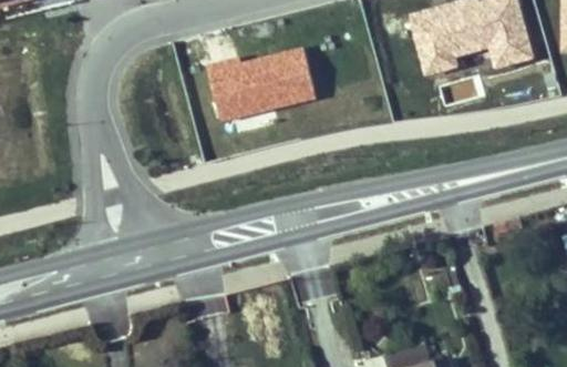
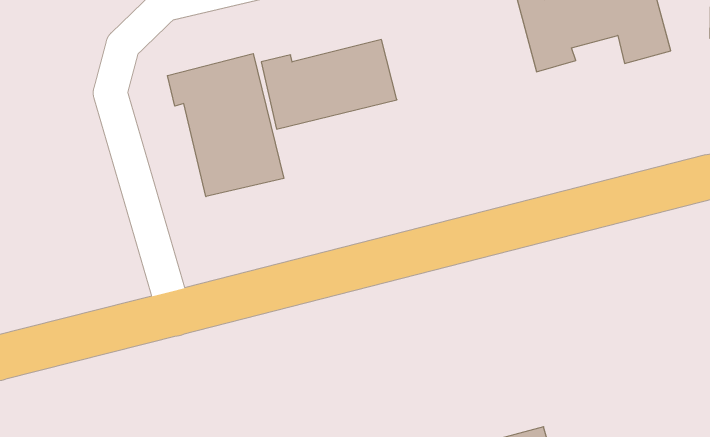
building: none -> [167,54,284,197]

